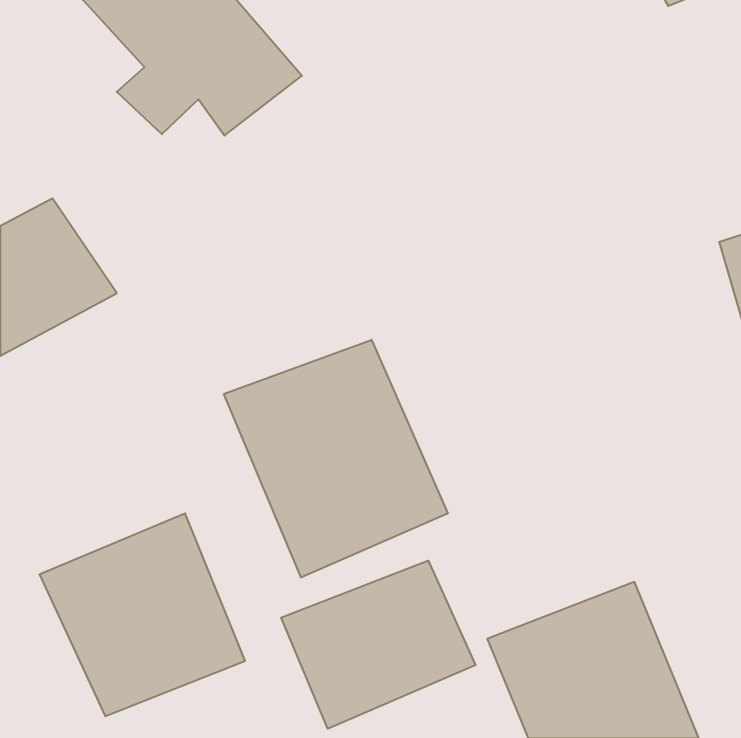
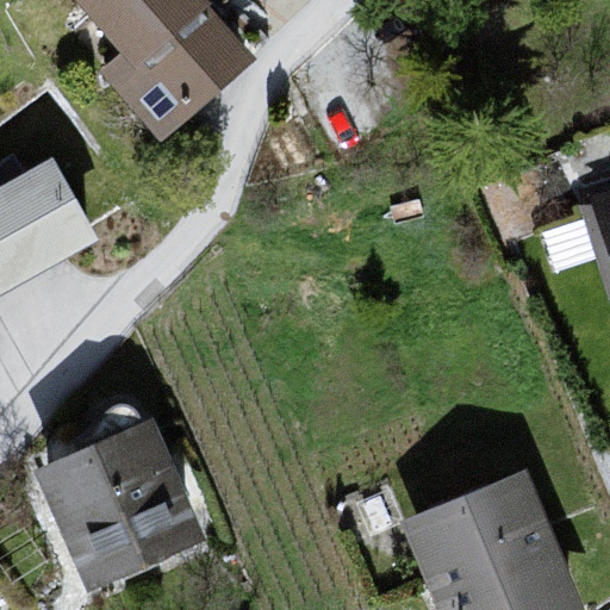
building: [224,340,448,578] -> none
building: [281,561,476,729] -> none

